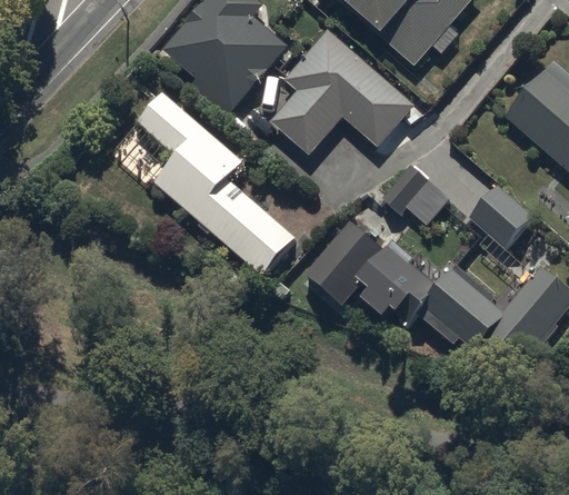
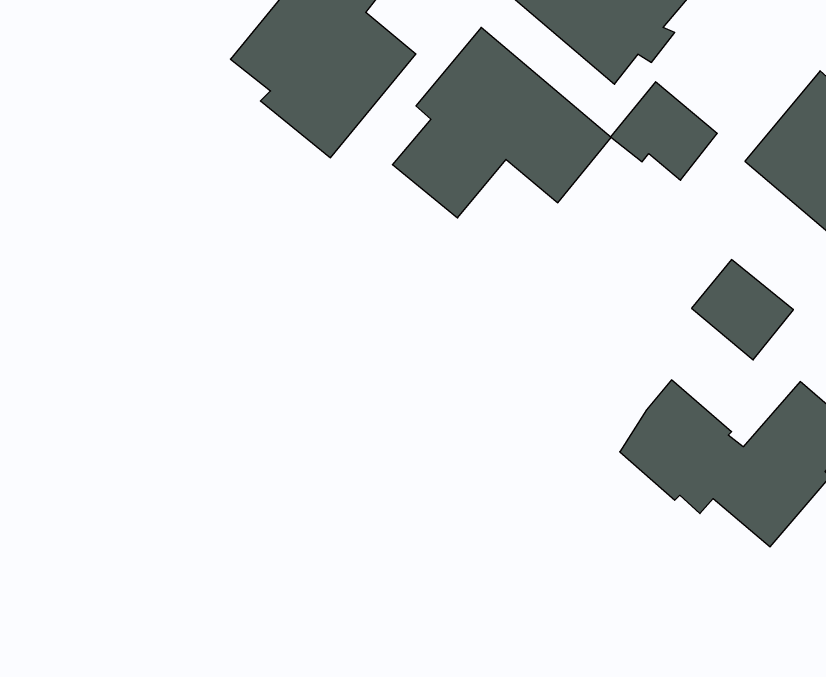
building: [137,92,296,274] -> none
building: [378,160,449,226] -> [610,82,717,180]
building: [302,220,437,326] -> none

